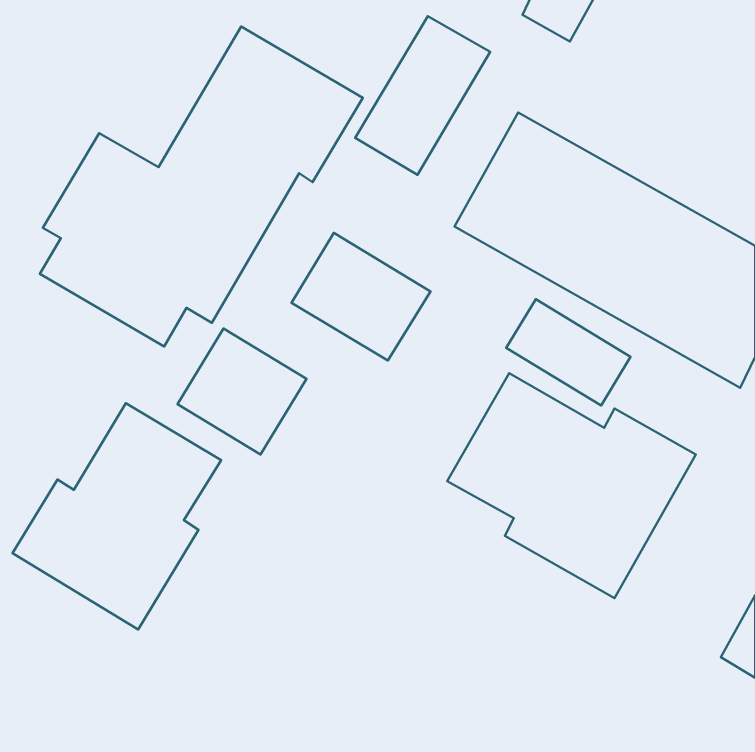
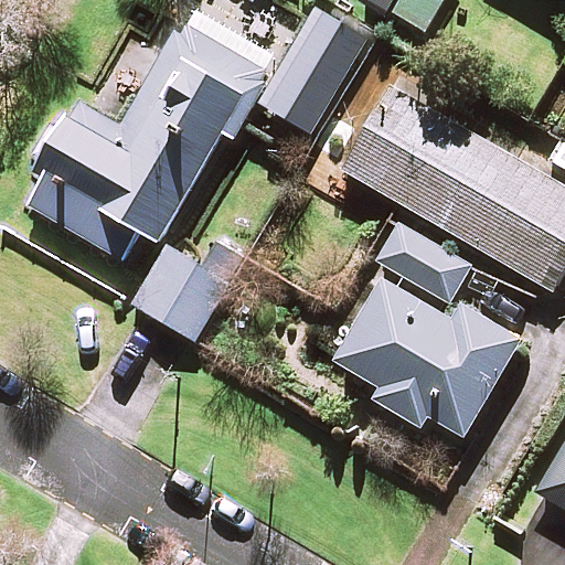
building: [291,233,431,360] -> none
building: [13,403,221,629] -> none

